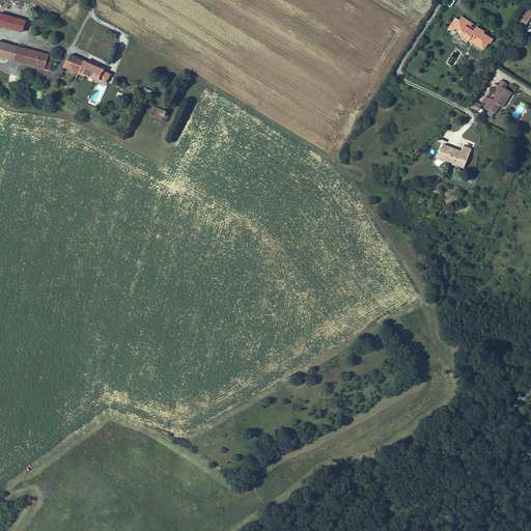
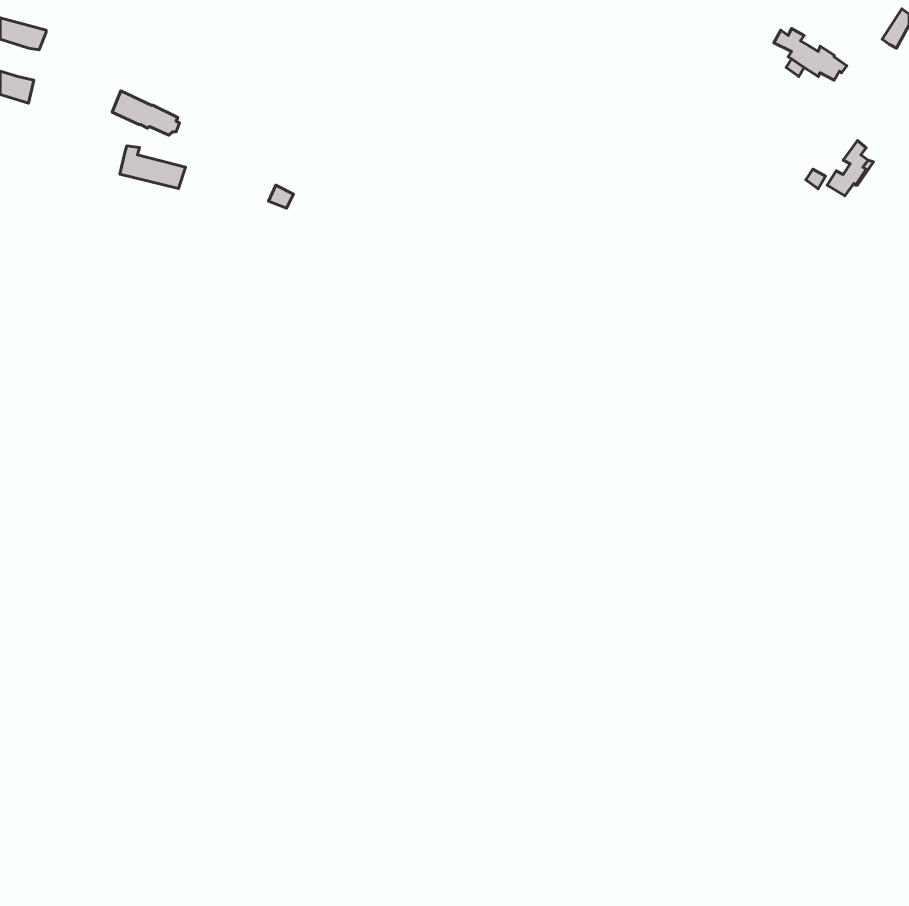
building: [17,44,55,68] -> [120,146,186,188]
building: [436,145,470,169] -> none

